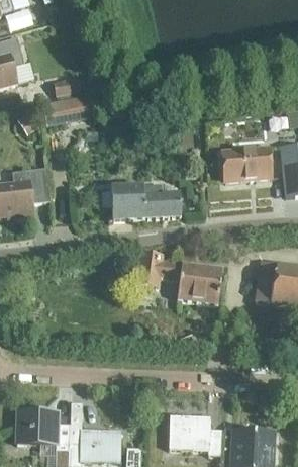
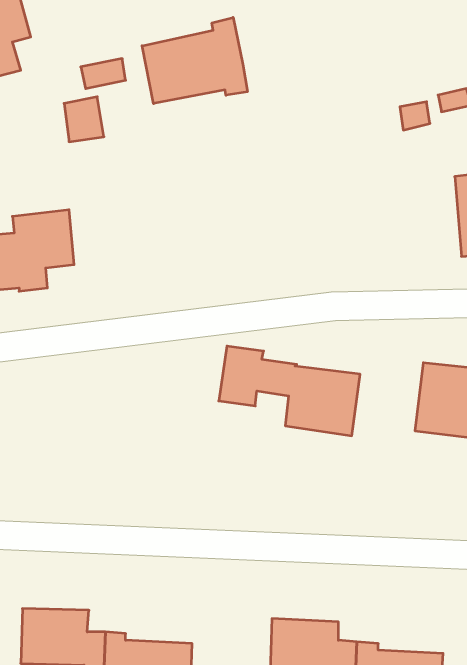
building: none -> [142,17,247,104]
building: [222,148,271,181] -> none
building: [100,184,181,219] -> none

